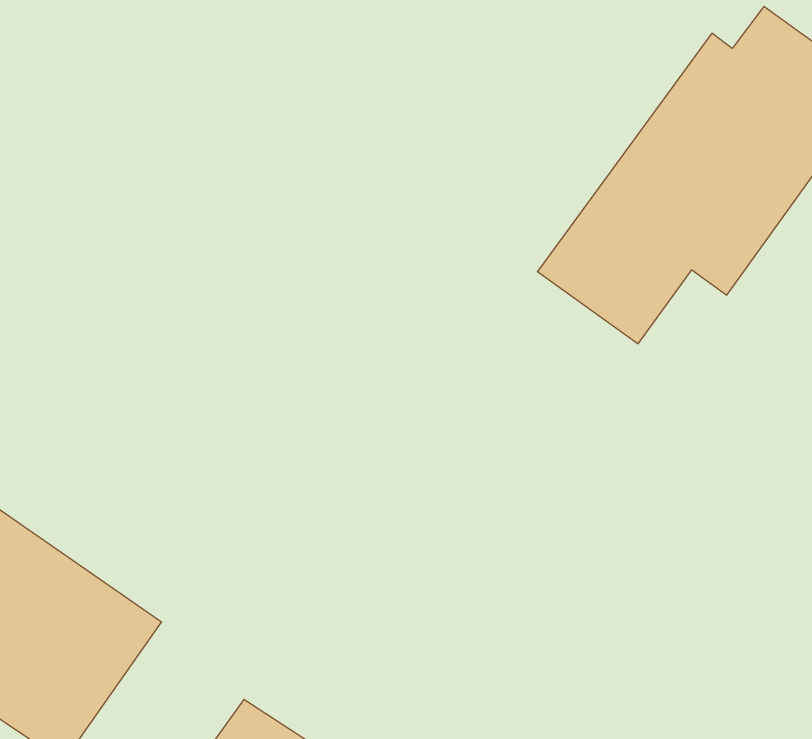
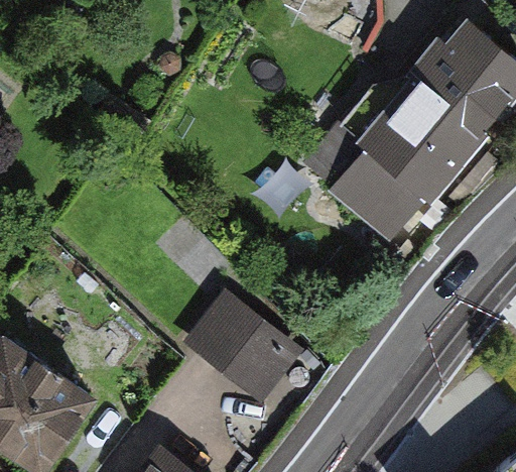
building: none -> [180,290,300,401]

